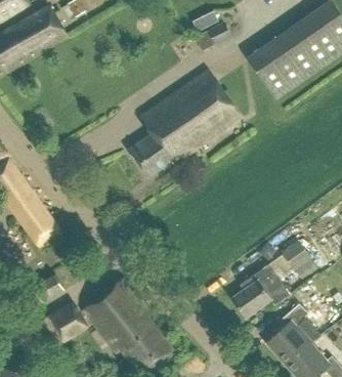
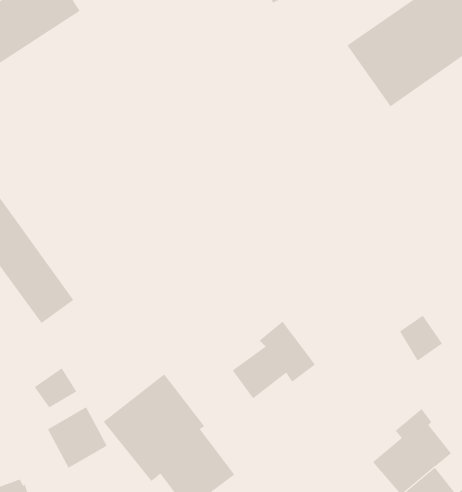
building: [129,70,240,175] -> none
building: [233,264,291,318] -> [232,321,316,399]

